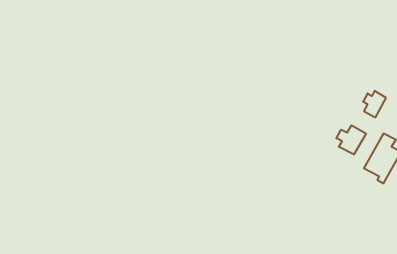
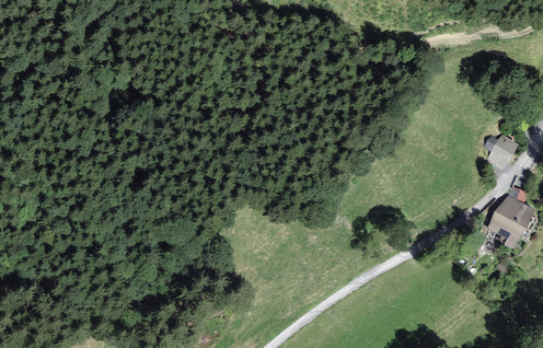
building: [336,125,366,155] -> none

